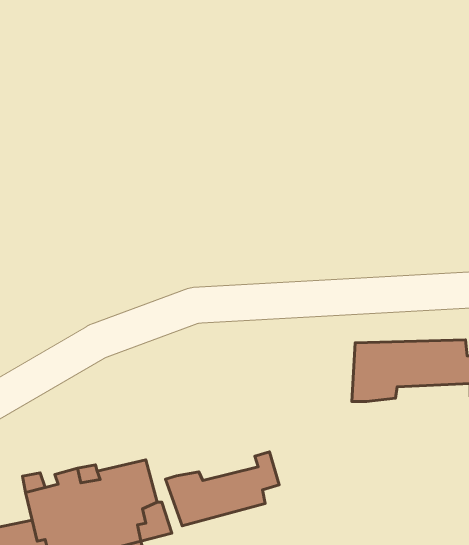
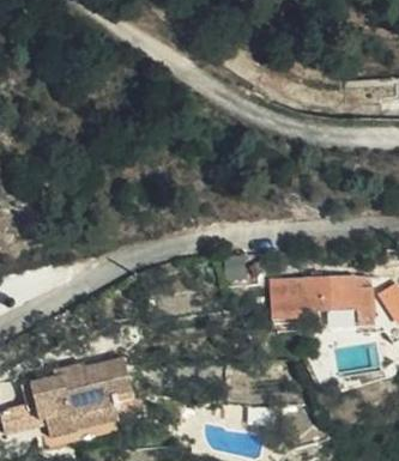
building: [166,452,279,526] -> none

